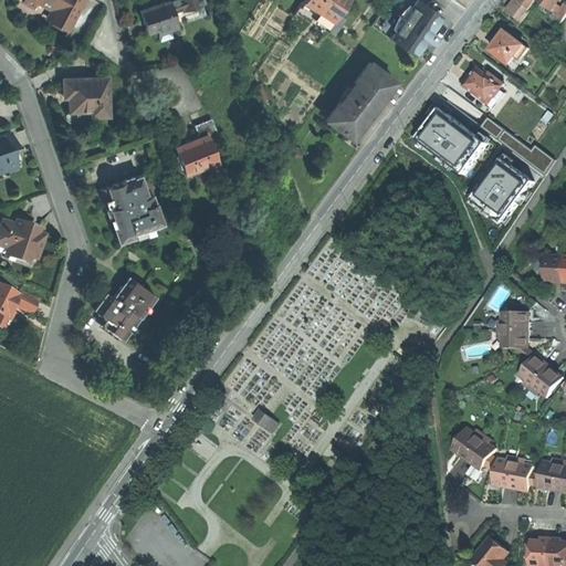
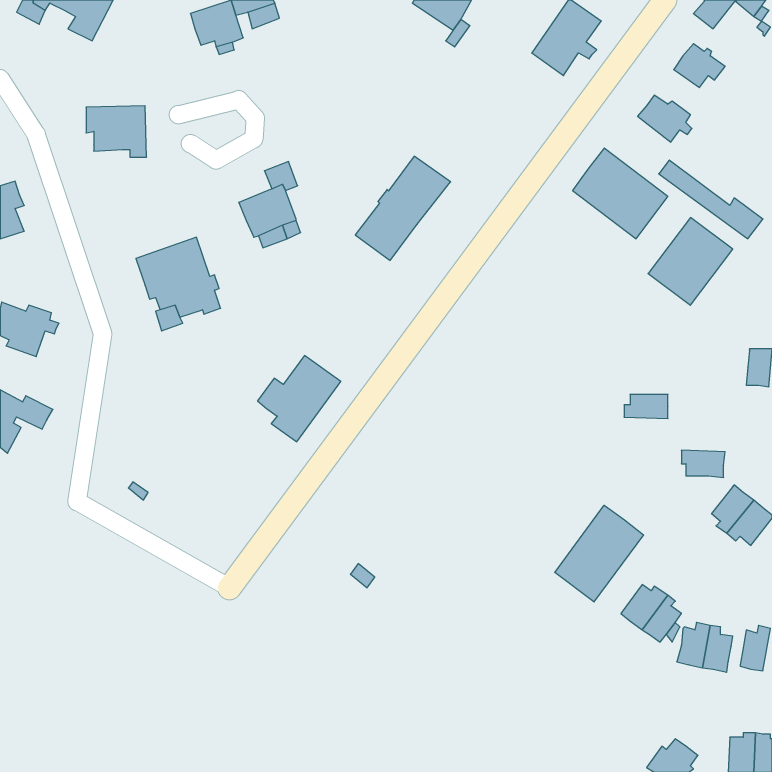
building: [325,62,395,138] -> [355,156,451,260]
building: [94,276,155,339] -> [258,356,341,442]
building: [499,313,531,331] -> [624,394,668,419]
building: none -> [555,505,644,602]

